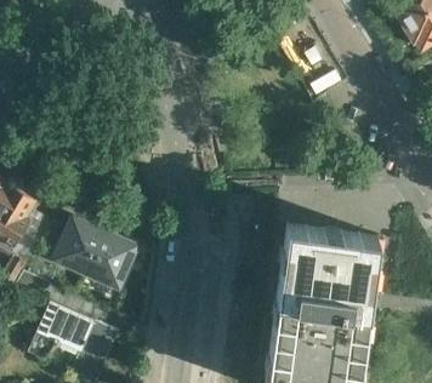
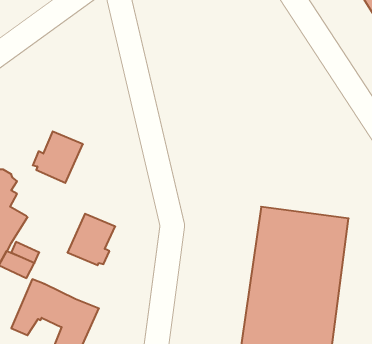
building: [51,218,103,271] -> [33,131,83,183]

